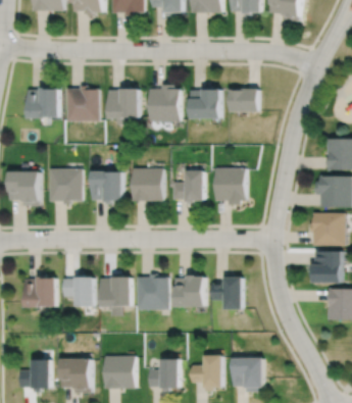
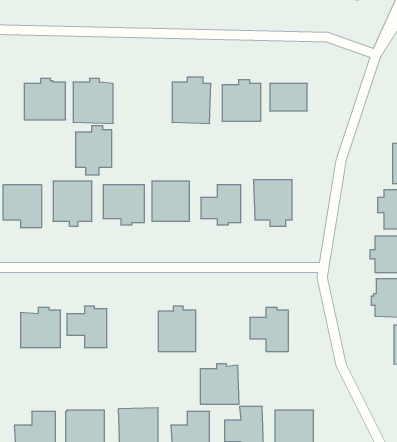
building: [107,86,137,125] -> [75,126,112,175]
building: [172,272,204,305] -> [200,364,239,404]
building: [99,273,133,314] -> none

